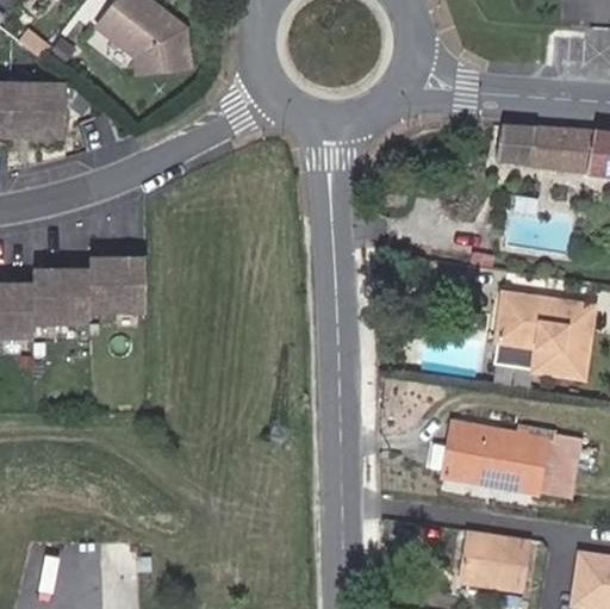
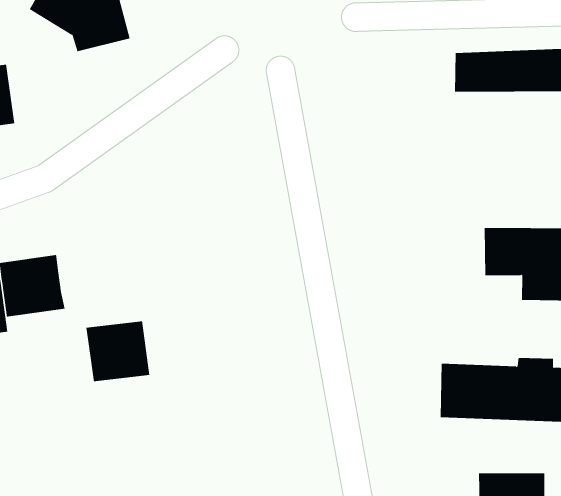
building: [88,249,144,304] -> [86,321,150,382]

